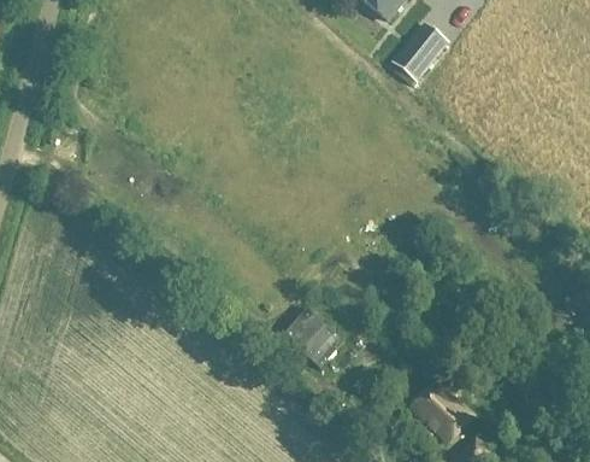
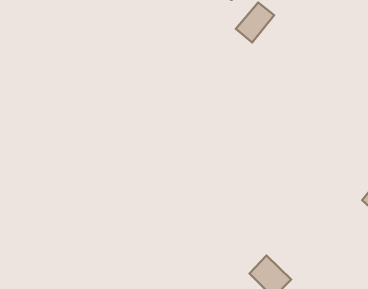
building: [281,309,343,369] -> none

